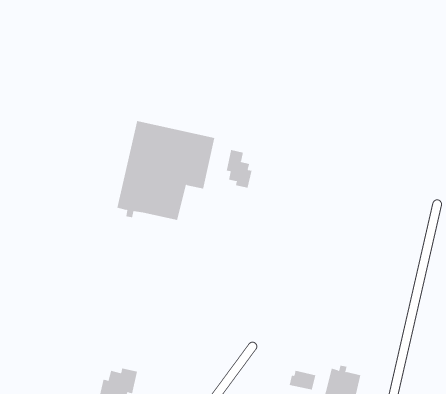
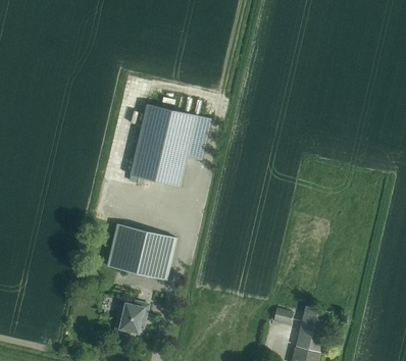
building: [226,149,252,189] -> none
building: none -> [106,224,176,280]

